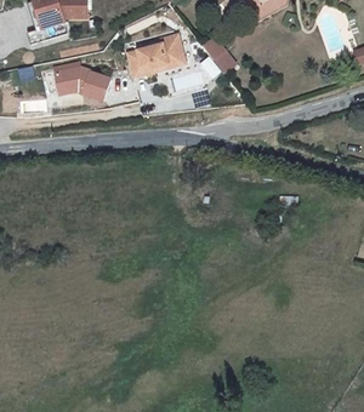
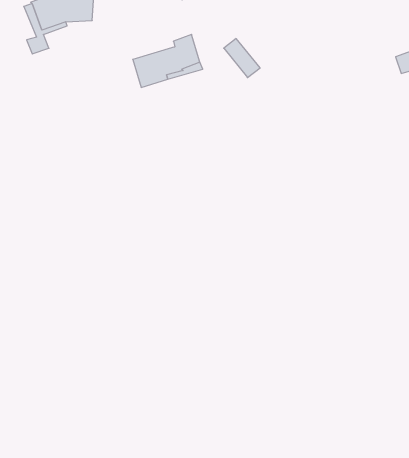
building: [51,67,108,99] -> none

